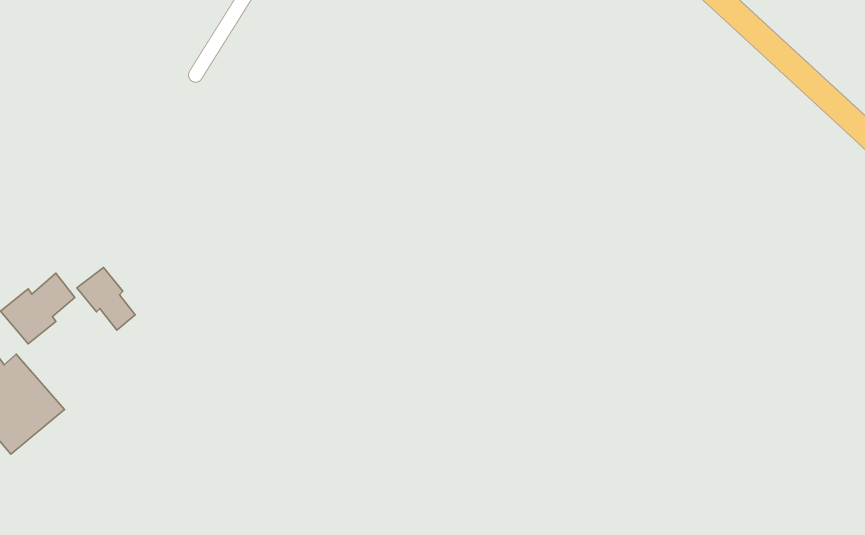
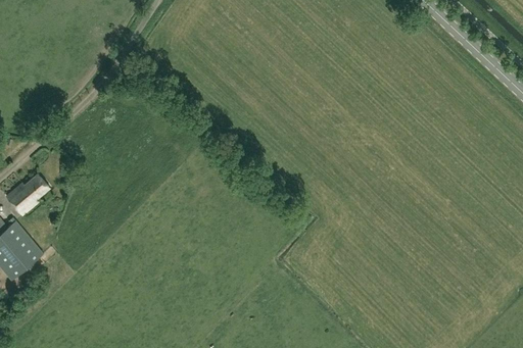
building: [77,267,135,330] -> none

